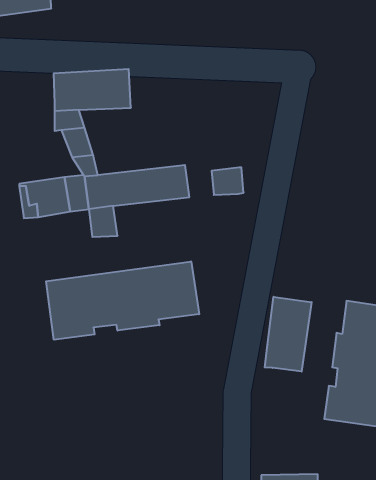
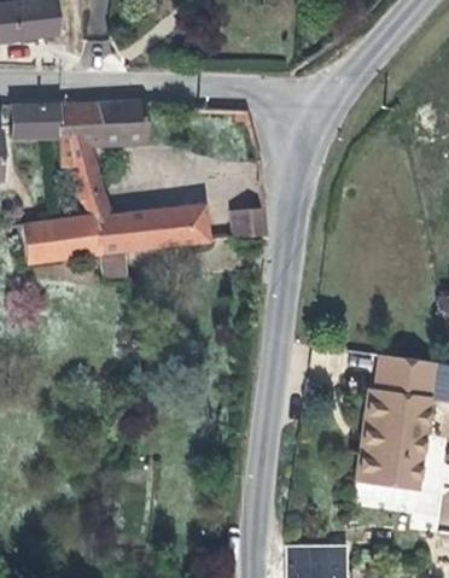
building: none -> [13,104,62,136]
building: [46,261,199,340] -> none
building: [265,297,312,372] -> none

